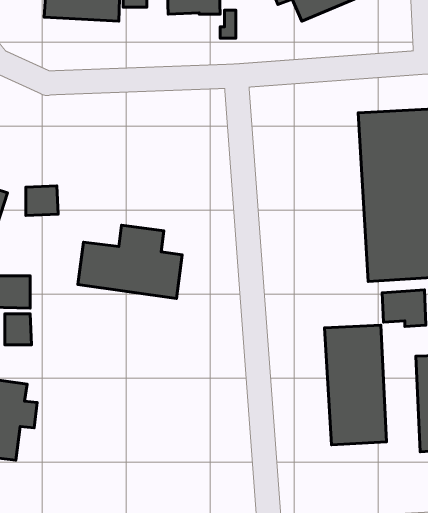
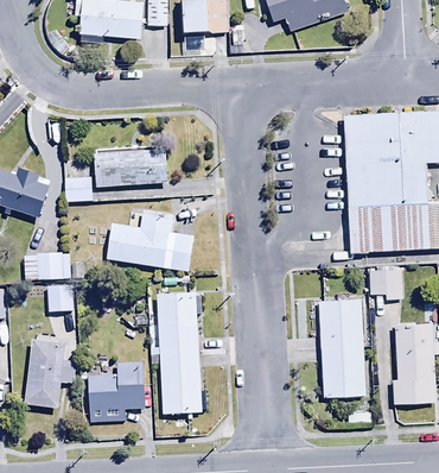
building: none -> [94,143,170,187]
building: none -> [158,291,209,418]
building: none -> [89,364,151,423]

